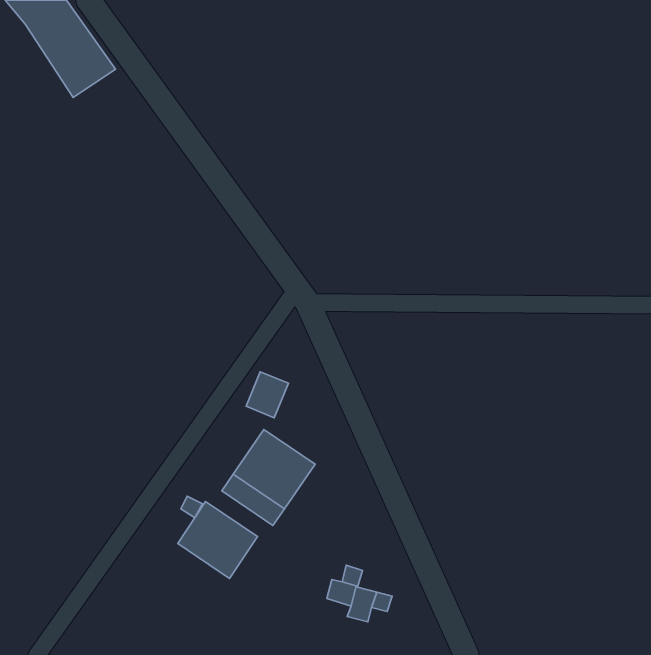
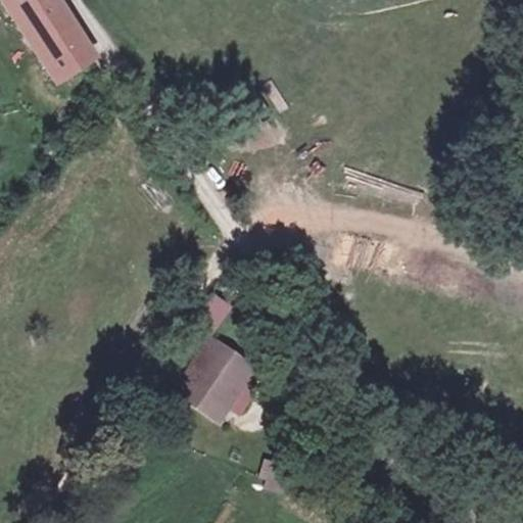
building: [178,502,257,579] -> none

